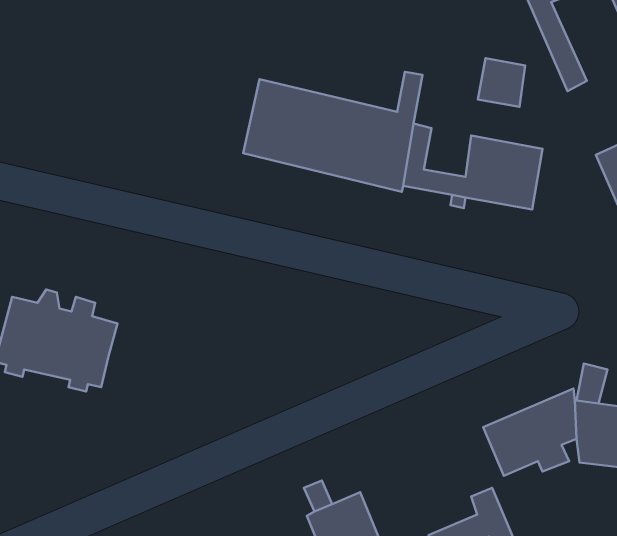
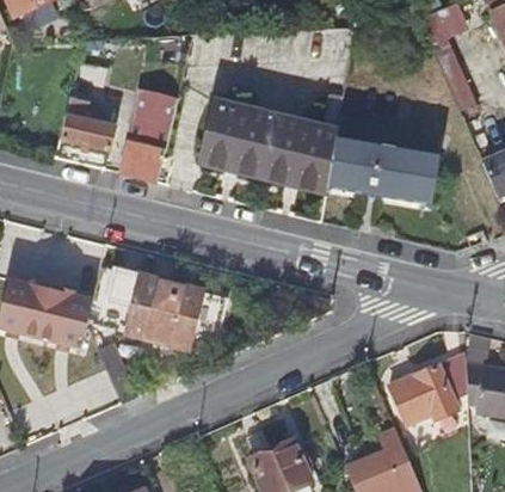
building: [478,58,525,107] -> [344,141,382,180]
building: none -> [61,87,115,150]
building: none -> [119,90,178,183]
building: none -> [90,267,232,346]

